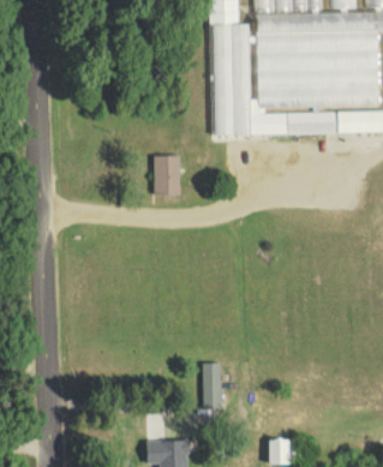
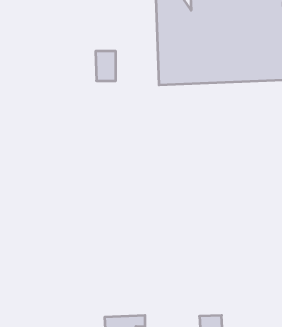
building: [152,155,179,193] -> [96,51,116,81]
building: [202,361,222,408] -> none

